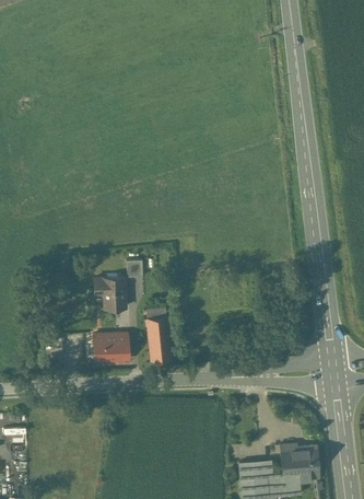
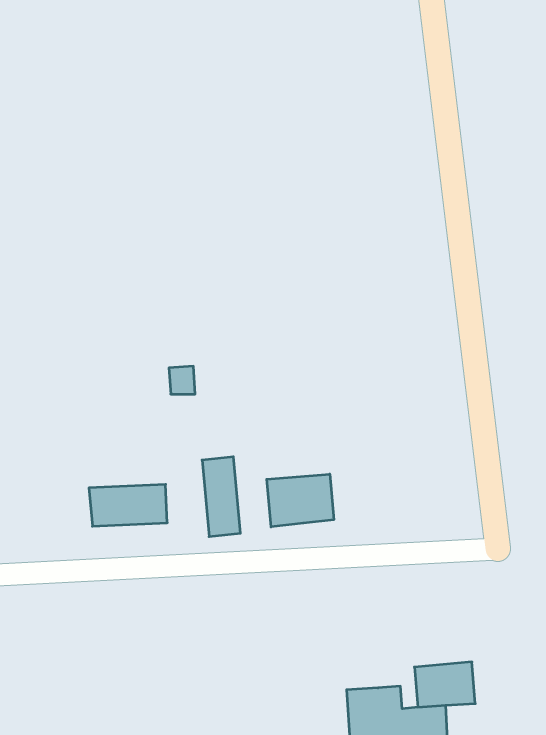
building: [93,277,125,309] -> none
building: none -> [267,474,334,527]

